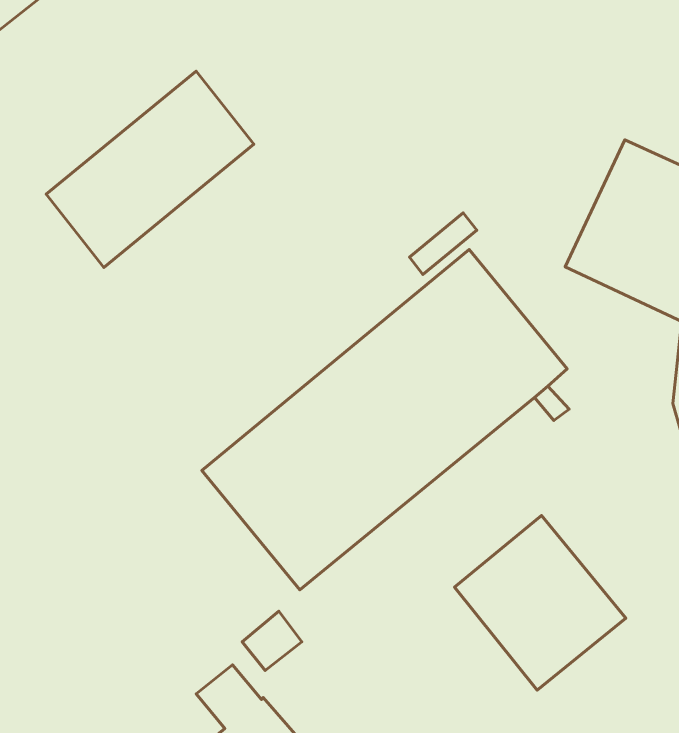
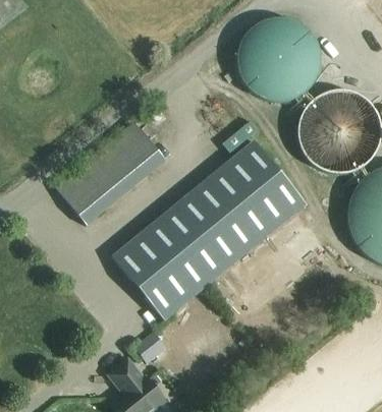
building: none -> [251,22,323,98]
building: [46,71,254,267] -> [51,123,161,227]
building: [455,516,626,690] -> none

